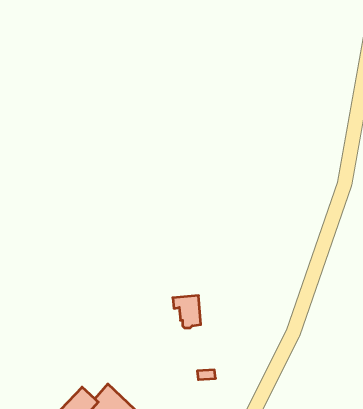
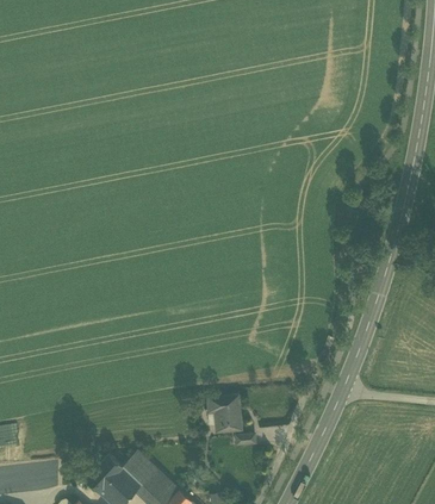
building: [173,296,201,328] -> [210,398,241,434]

